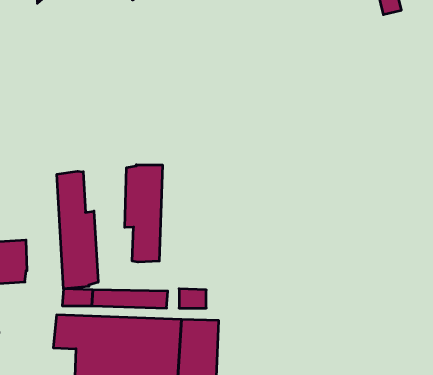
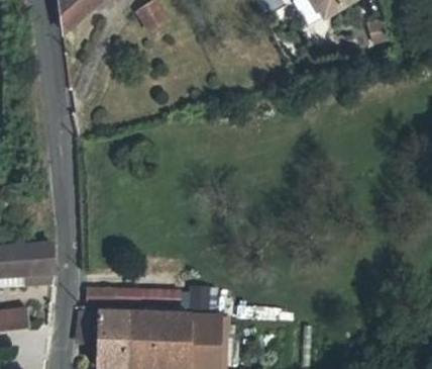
building: [125,165,162,262] -> none
building: [57,171,98,289] -> none

